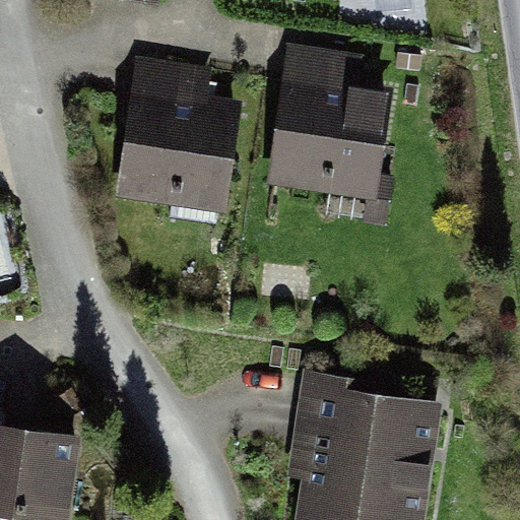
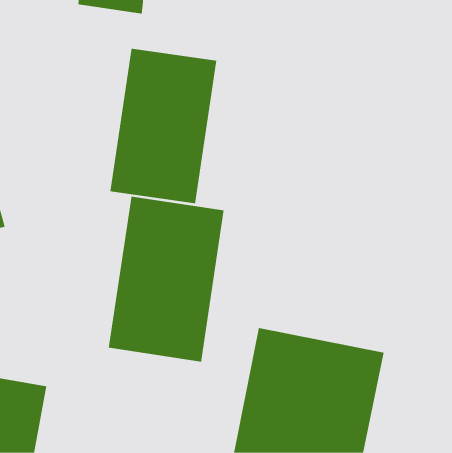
building: [270,46,388,215] -> none
building: none -> [108,196,224,363]

